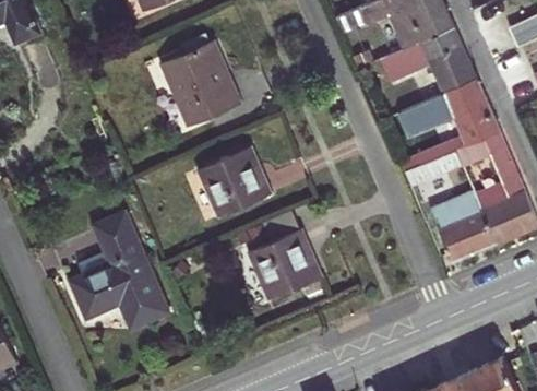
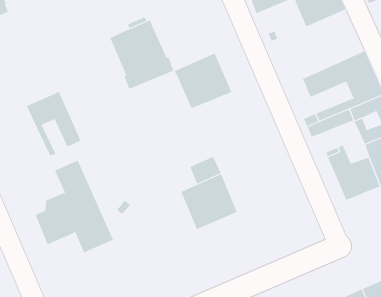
building: [387,28,477,94] -> none
building: none -> [26,91,81,156]
building: [199,147,270,216] -> [174,53,232,109]

